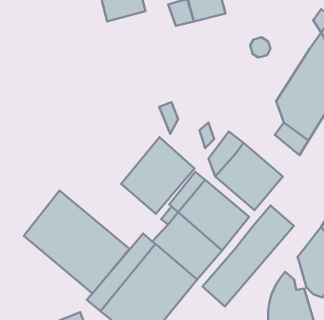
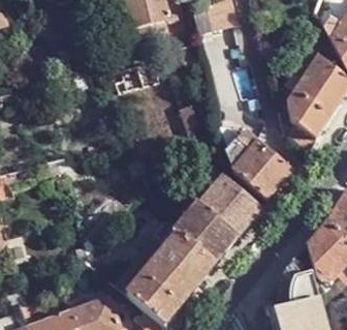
building: [121,137,194,214] -> none
building: [24,191,130,293] -> none
building: [202,206,294,307] -> none

